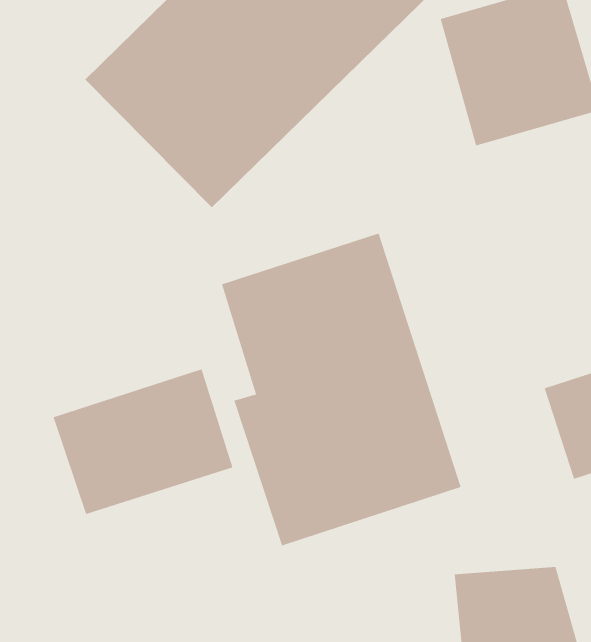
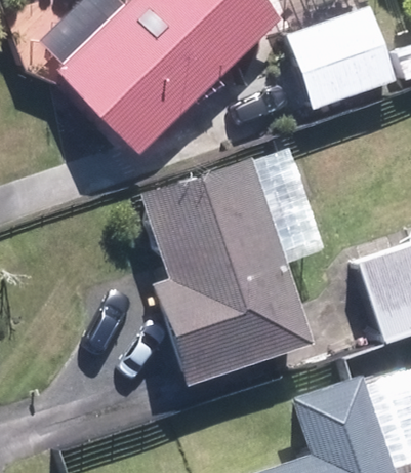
building: [53,369,233,515] -> none

